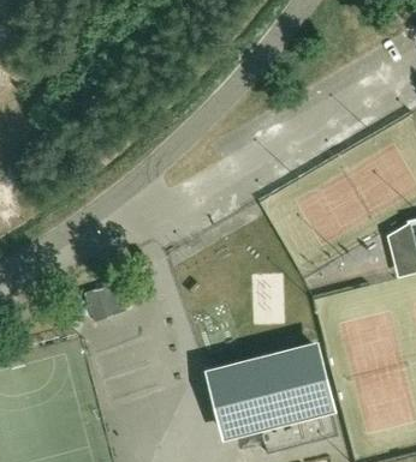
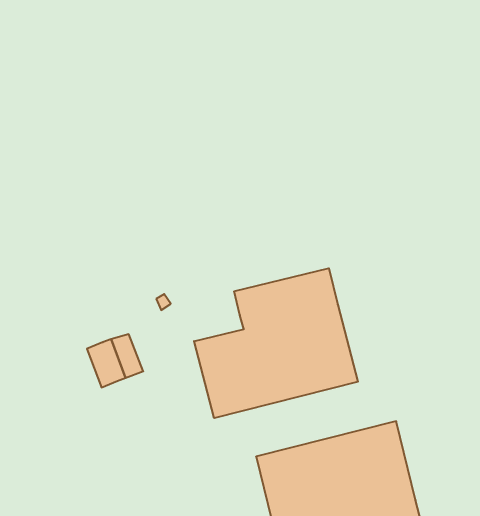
building: none -> [194,268,358,418]

